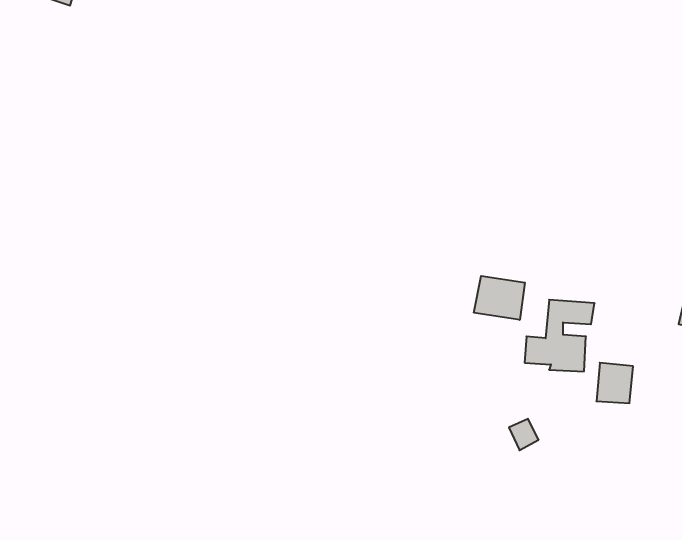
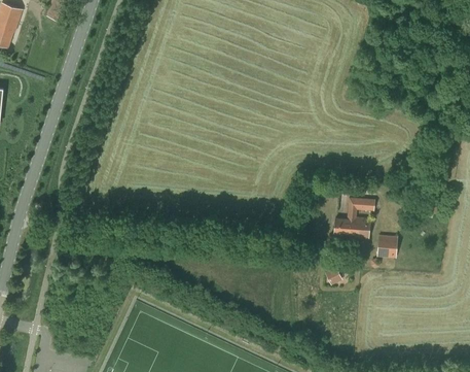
building: [474,276,525,320] -> none

